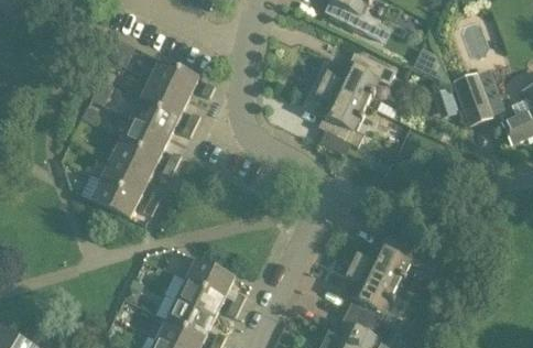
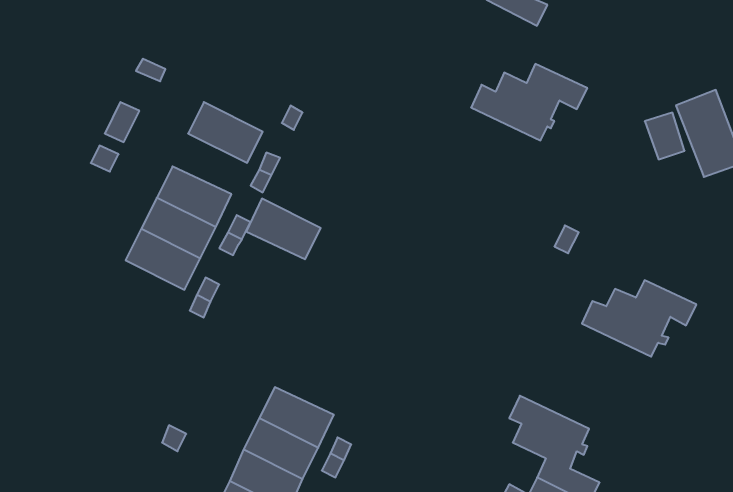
building: [151,58,198,97] -> none
building: [314,81,365,146] -> none
building: [131,98,178,137] -> [246,199,321,259]
building: [91,178,139,217] -> none
building: [351,237,424,285] -> [582,280,696,357]

